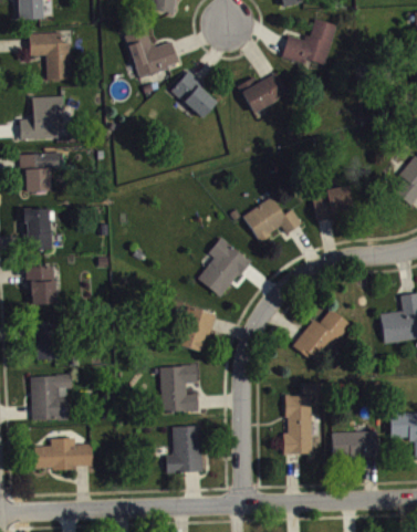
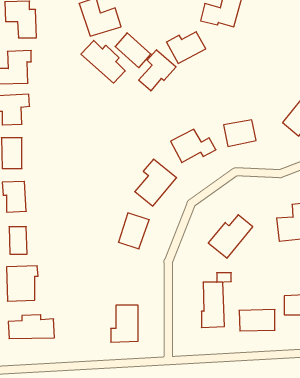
building: none -> [81,40,125,83]
building: none -> [139,50,176,91]
building: [159,366,198,413] -> none

